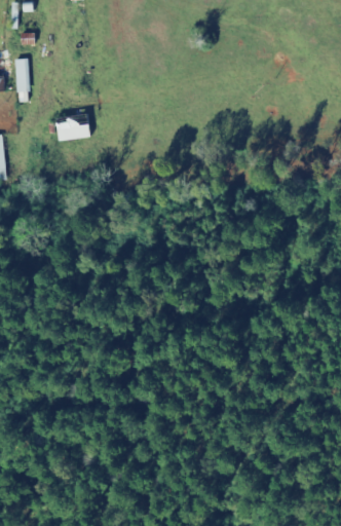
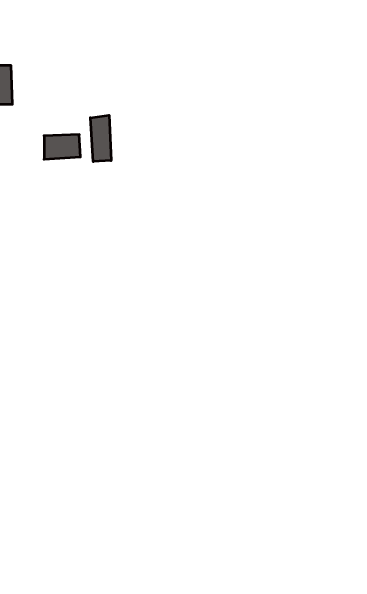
building: none -> [90,115,111,162]

